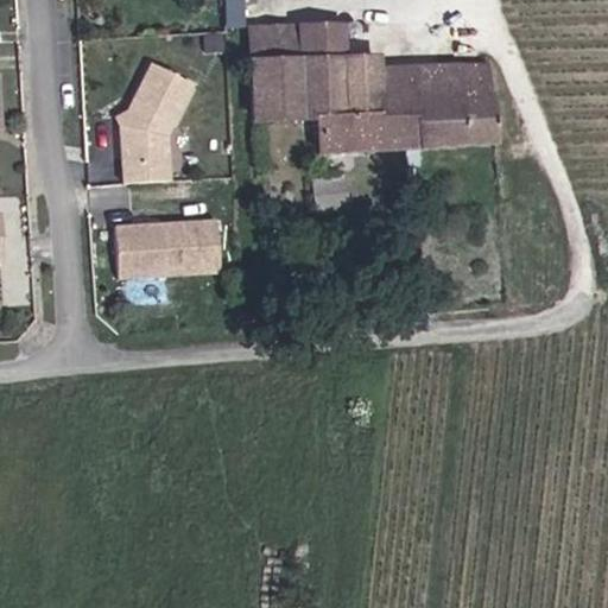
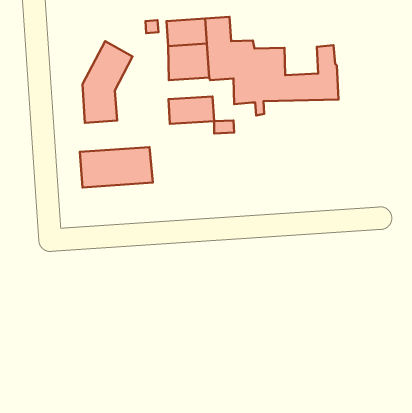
building: [418,69,468,110] -> none
building: none -> [169,96,214,124]

